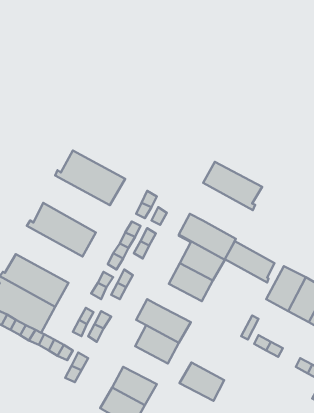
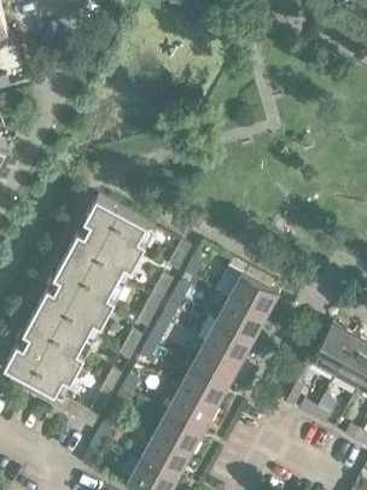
building: [203,162,262,210] -> none
building: none -> [65,223,139,286]
building: none -> [35,279,109,342]
building: [225,241,274,282] -> none
building: none -> [191,343,240,385]
building: [179,363,224,401] -> [153,412,203,454]

